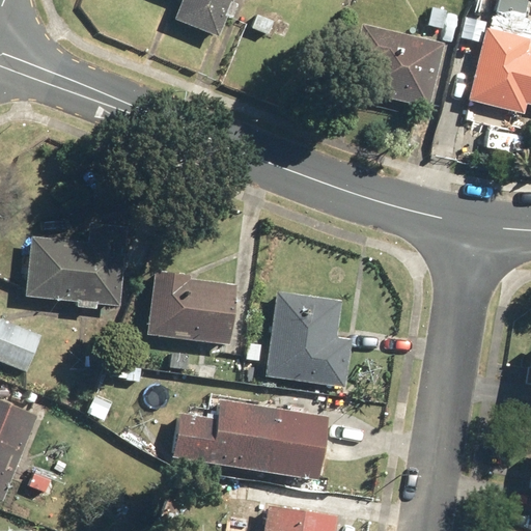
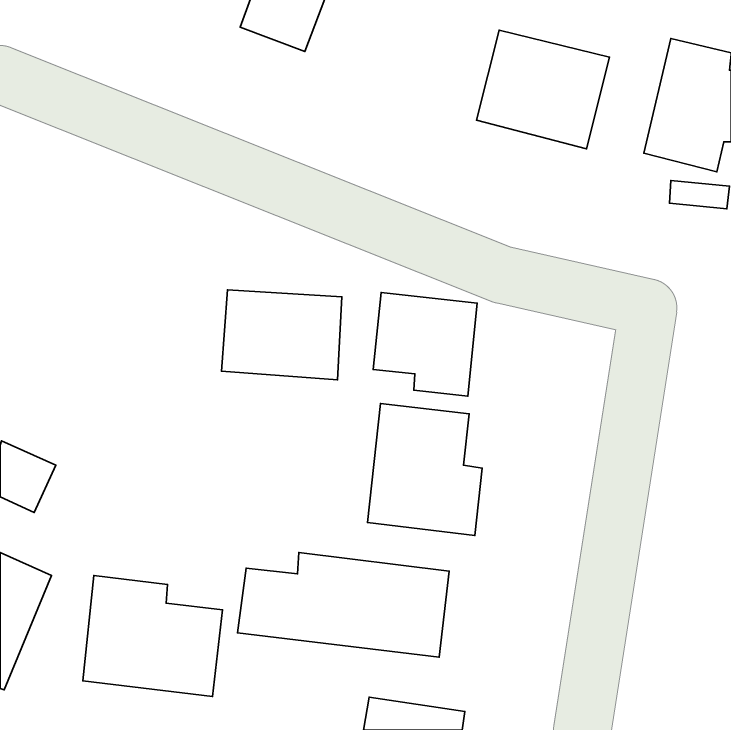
building: none -> [373,293,477,396]
building: [25,235,130,306] -> none
building: [145,277,232,342] -> [222,290,342,380]
building: none -> [83,576,223,696]

